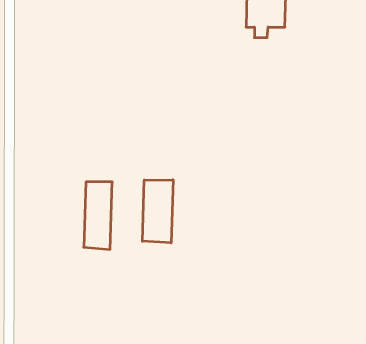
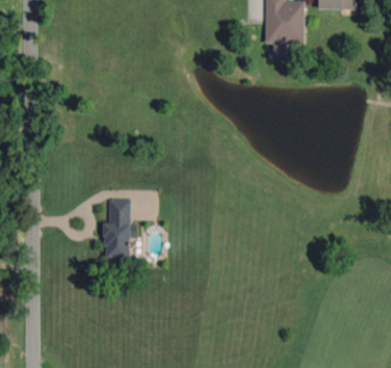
building: [142,180,173,243] -> none

